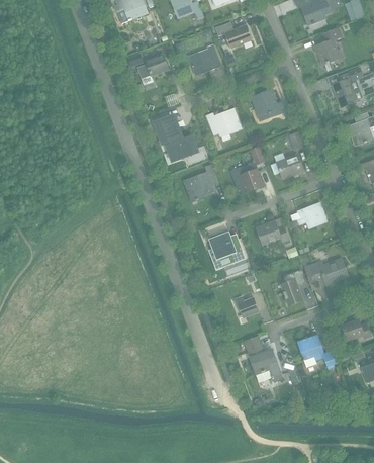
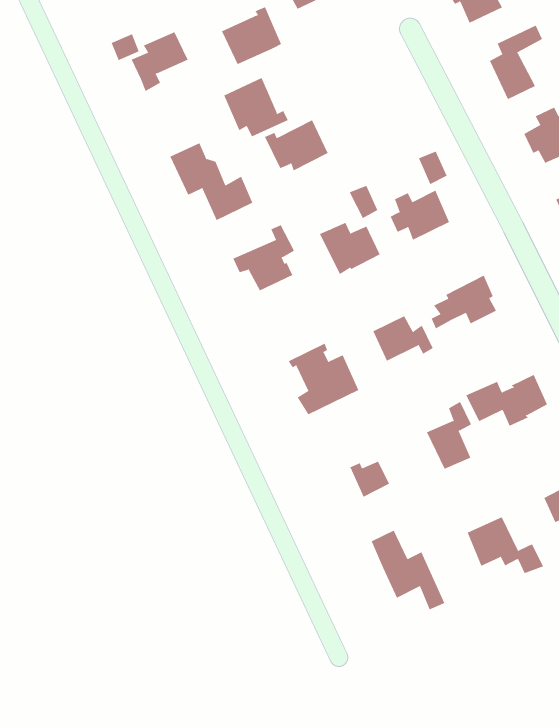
building: none -> [223,77,289,137]
building: [251,89,291,116] -> none

